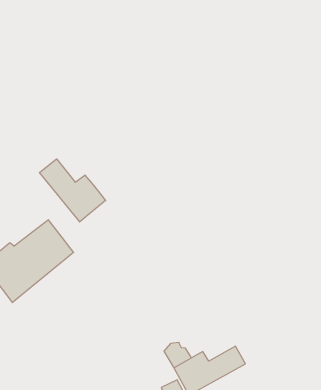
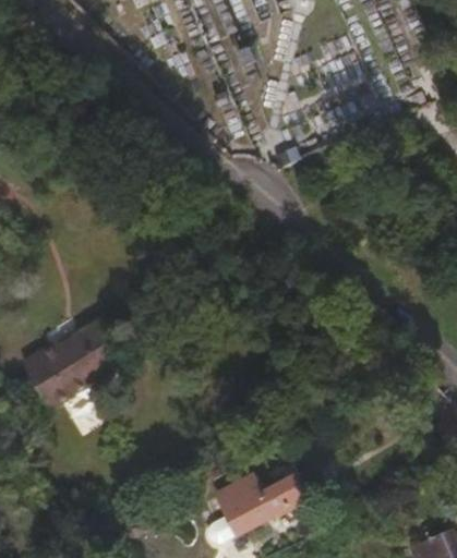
building: [40,159,106,222] -> none

